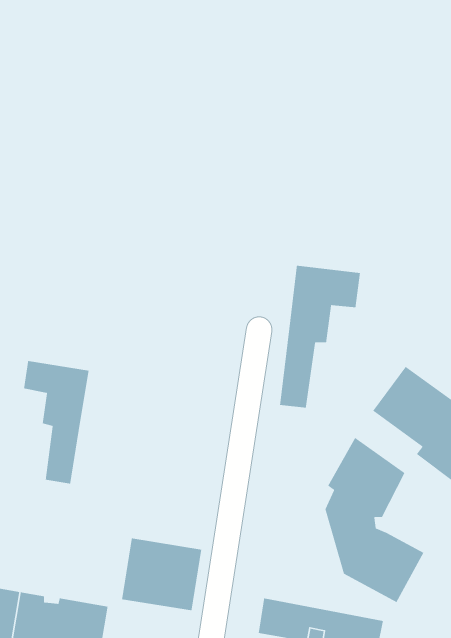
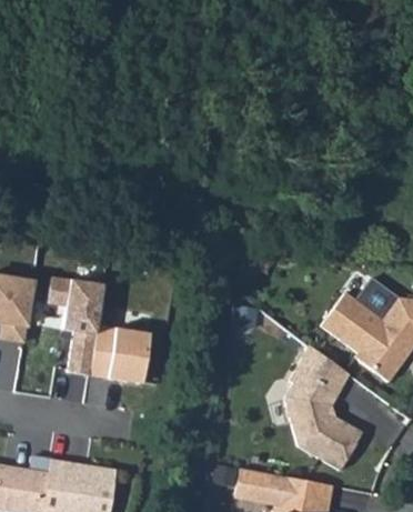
building: [279,265,361,409] -> none
building: [121,537,202,611] -> [90,331,152,388]

